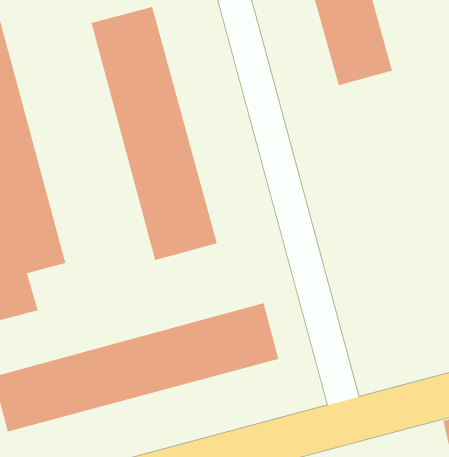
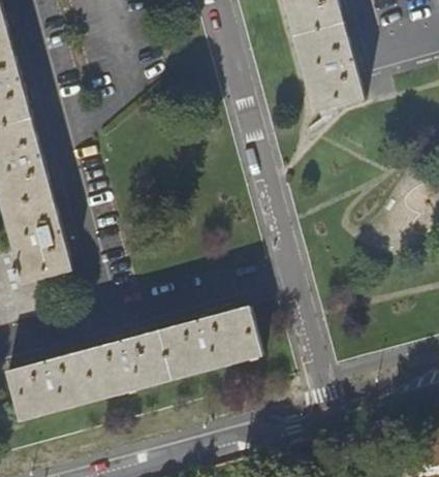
building: [91,6,218,261] -> none

